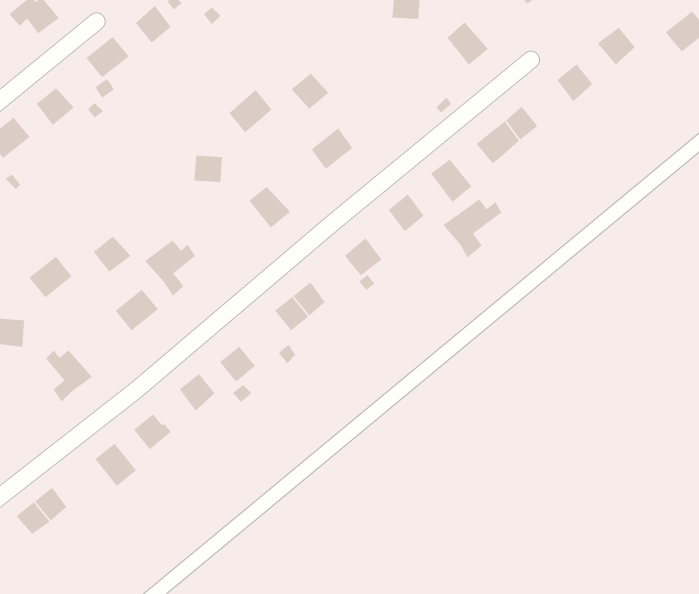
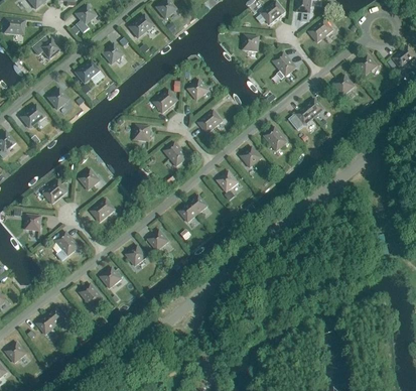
building: [442,199,502,259] -> none
building: [144,240,196,297] -> none

